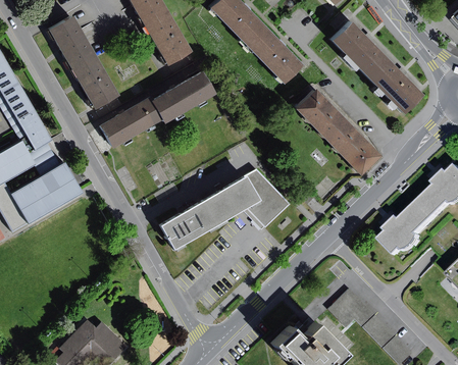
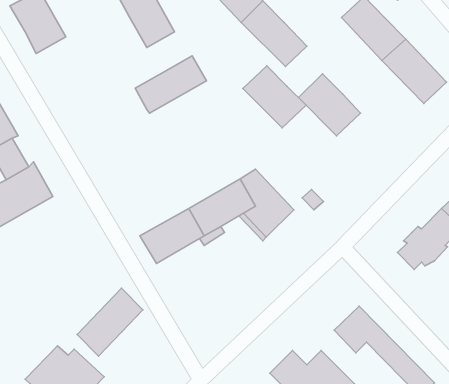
building: [69,55,117,110] -> none
building: [100,96,164,147] -> none
building: [326,120,380,173] -> [243,66,306,128]
building: none -> [77,288,143,356]

